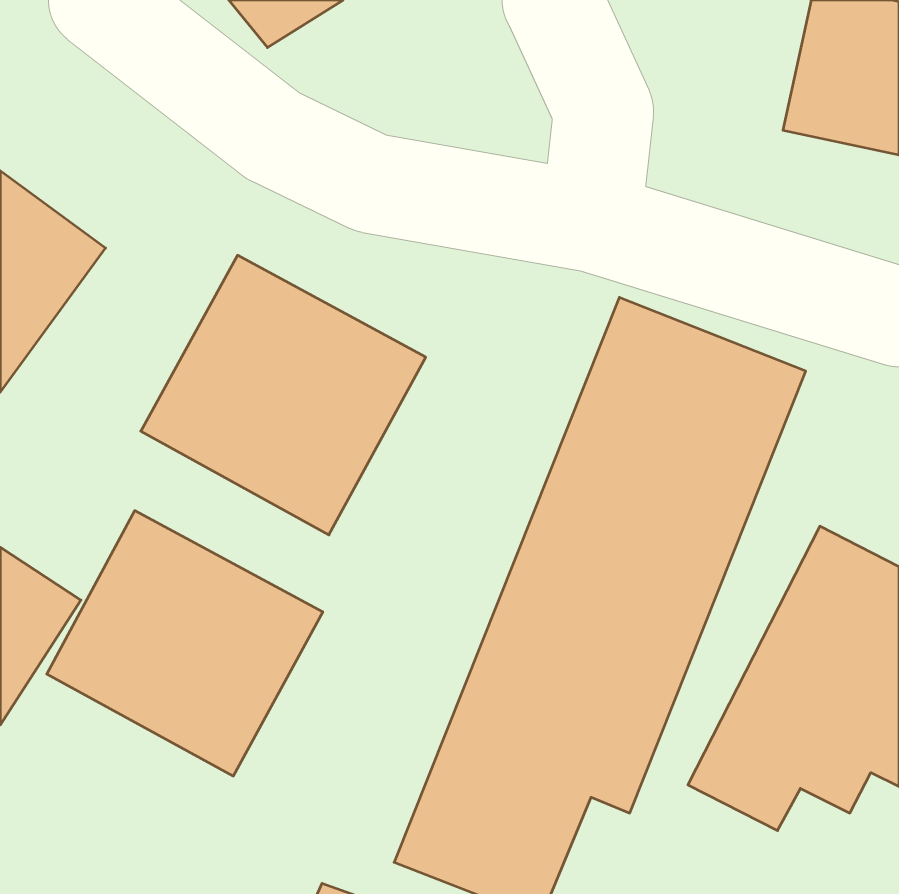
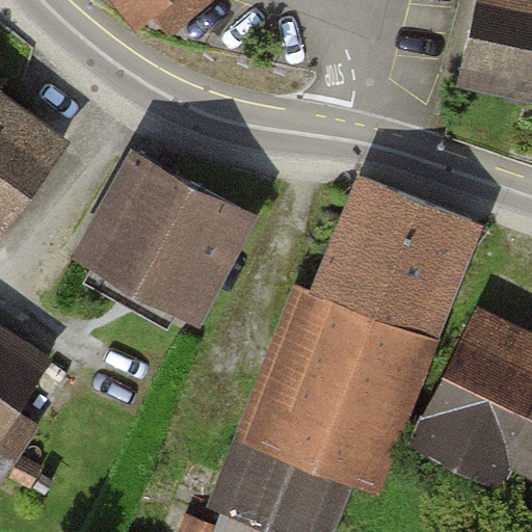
building: [47,511,323,776] -> none

